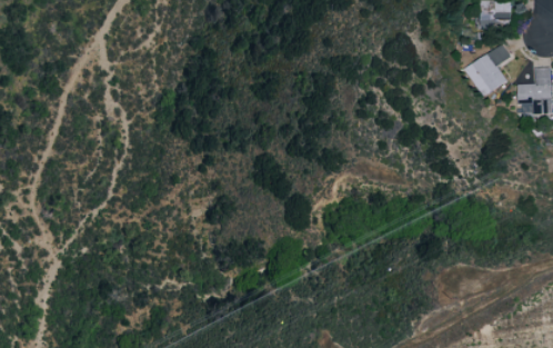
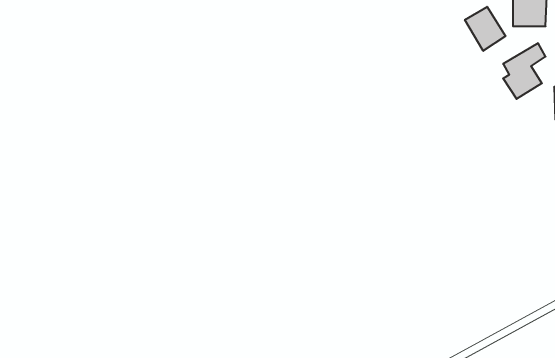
building: none -> [465,7,505,51]

